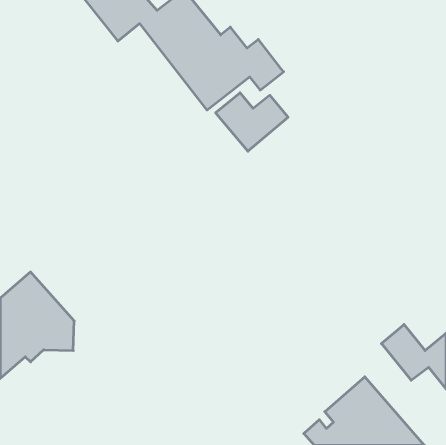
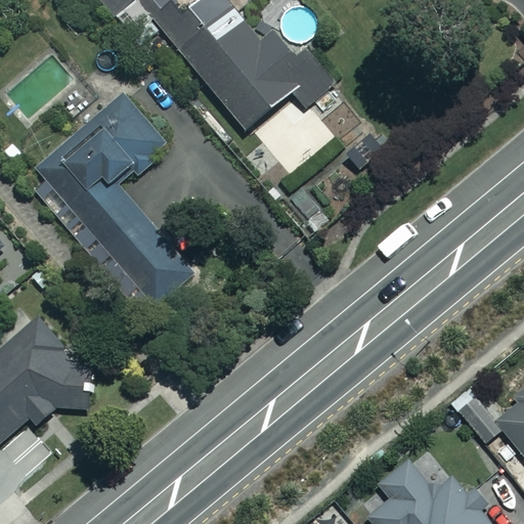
building: none -> [33,92,191,304]

